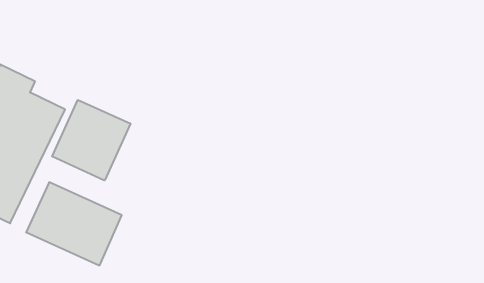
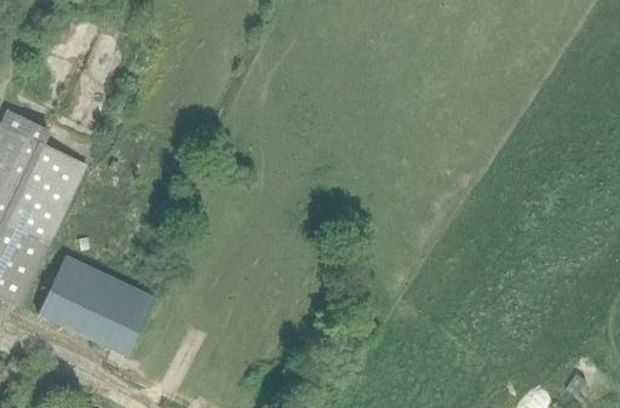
building: [52,100,130,180] -> none

